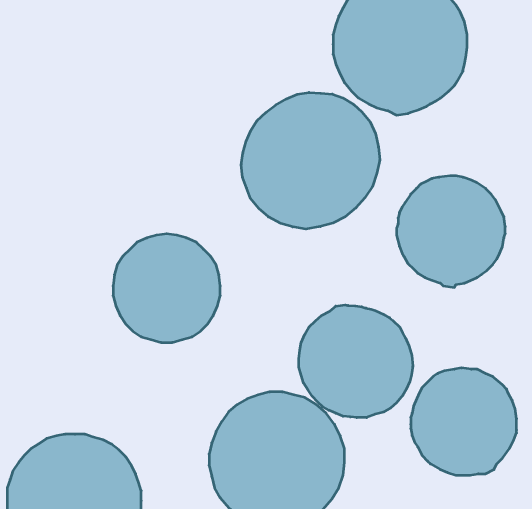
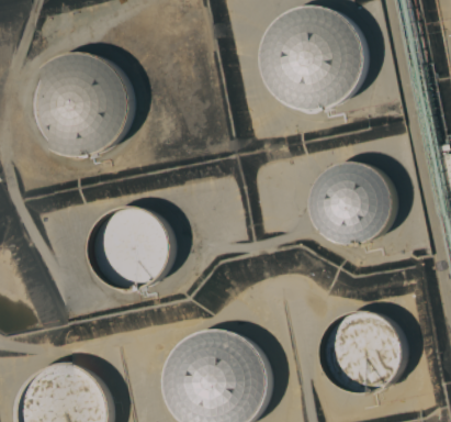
building: none -> [29,51,134,159]
building: [241,92,380,229] -> none
building: [299,305,413,418] -> none

